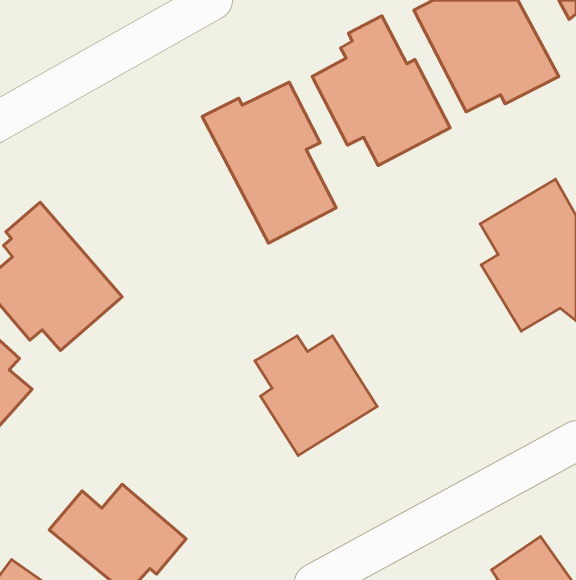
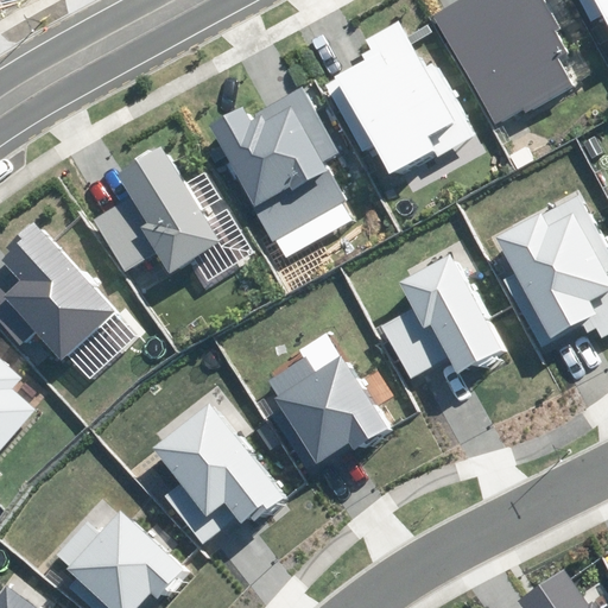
building: none -> [90,147,220,273]
building: none -> [379,247,505,376]
building: none -> [151,401,285,543]

